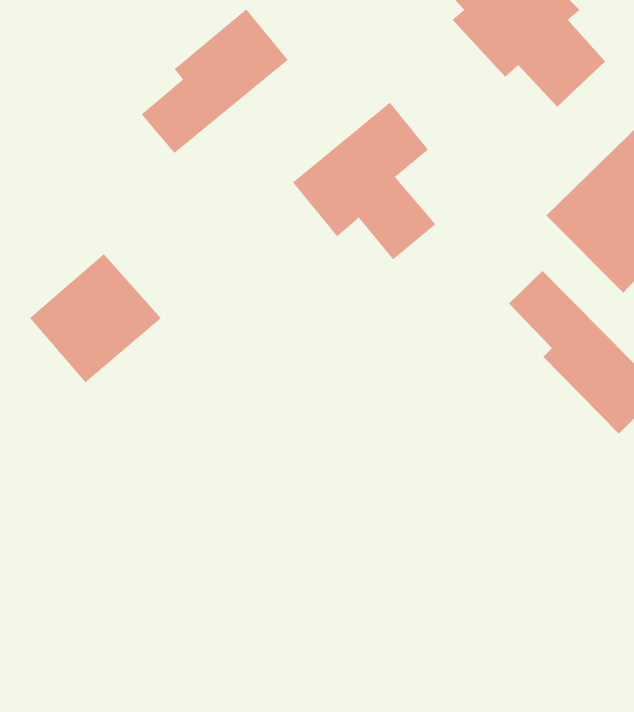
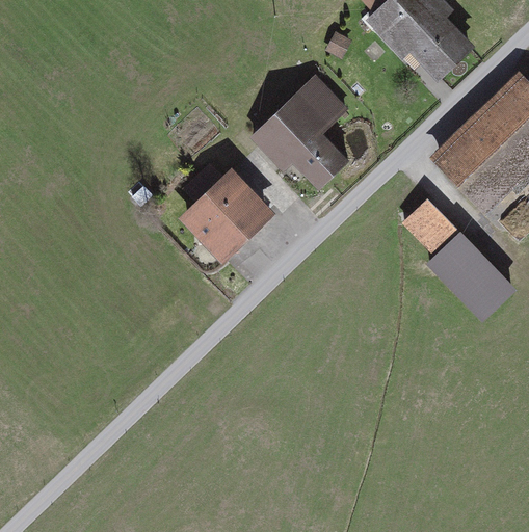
building: [141,9,288,154] -> none
building: [29,253,161,383] -> [176,167,271,261]

